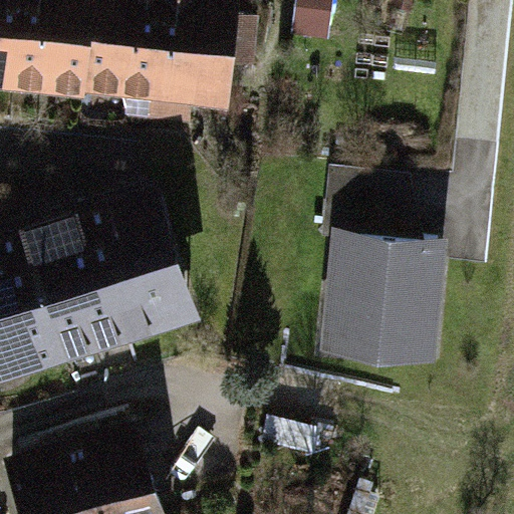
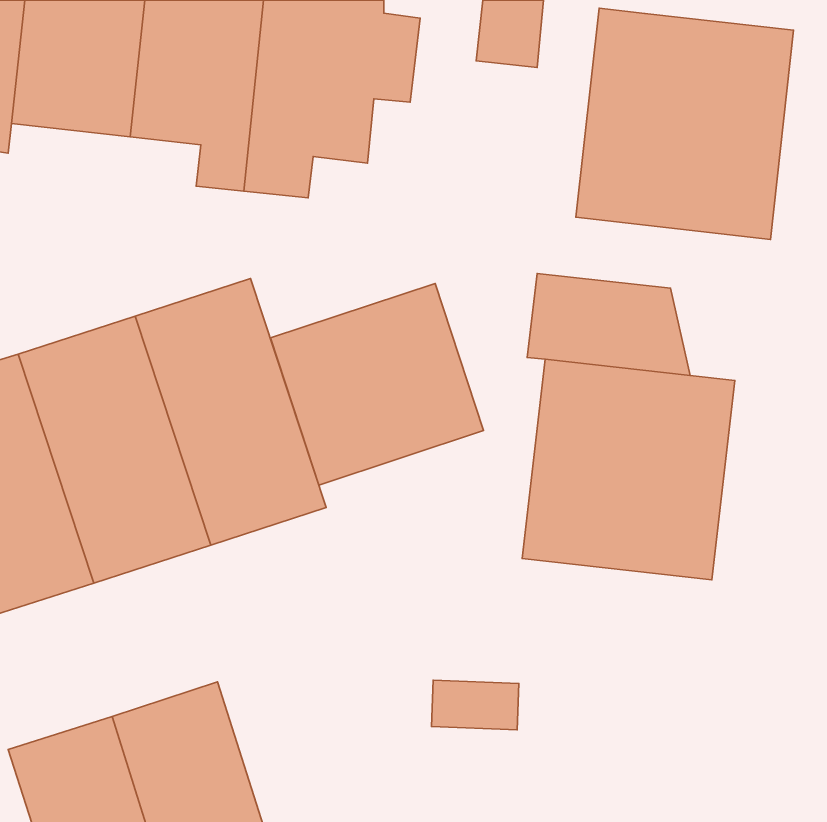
building: none -> [576,8,794,239]
building: none -> [271,283,484,485]

